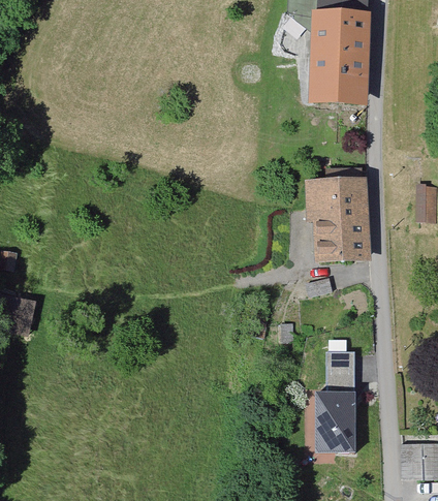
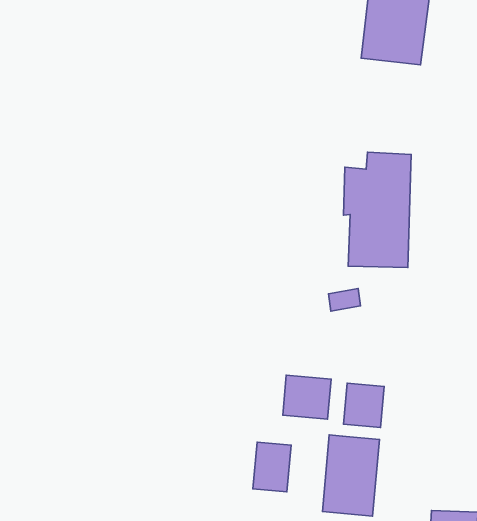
building: none -> [283,375,331,419]
building: none -> [253,442,291,492]

